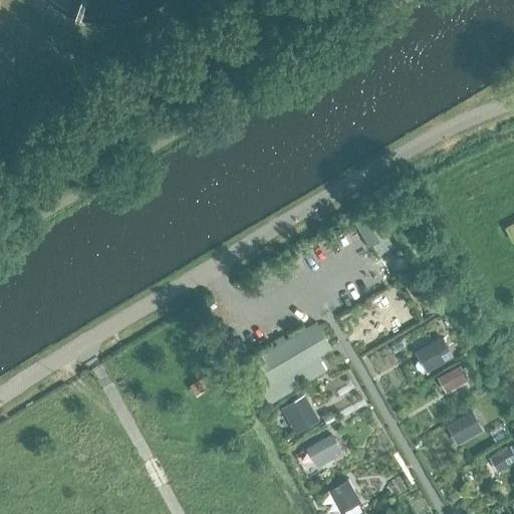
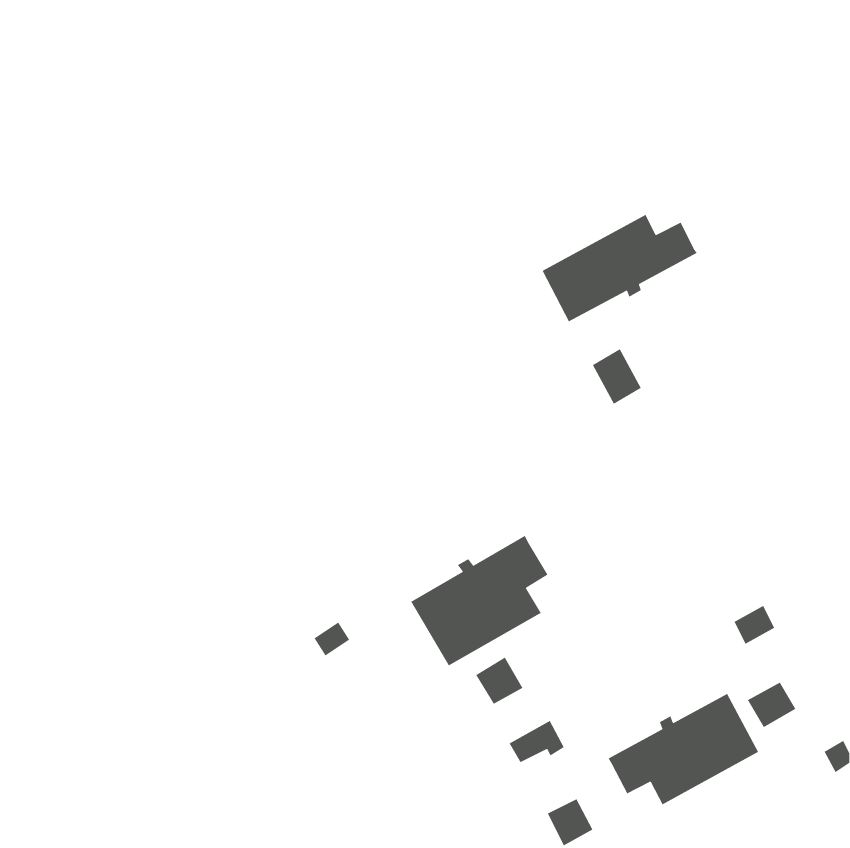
building: none -> [541,214,698,323]
building: [421,338,453,369] -> none
building: none -> [607,693,759,806]

